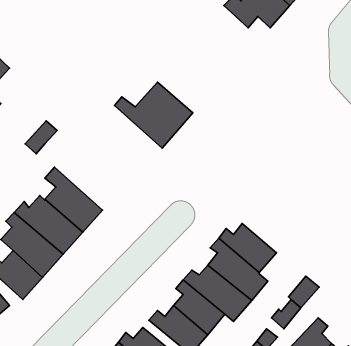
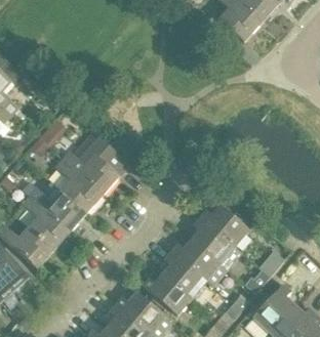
building: [114,82,193,148] -> [63,138,128,194]

